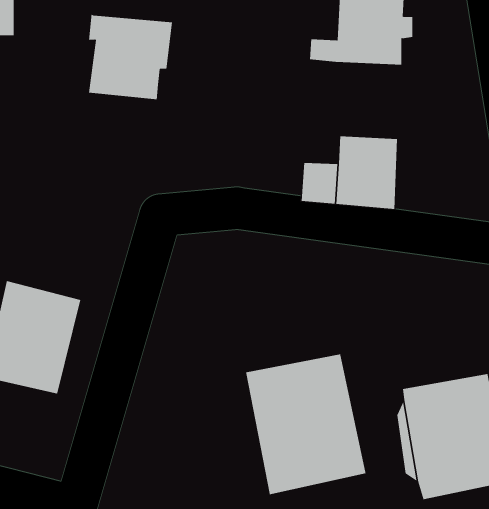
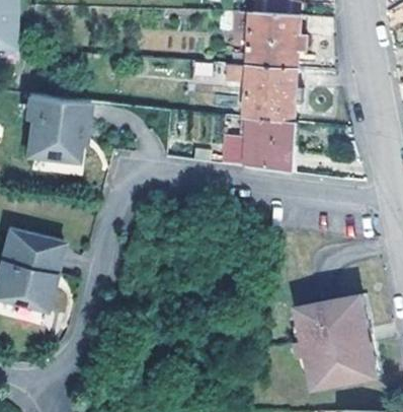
building: [88,14,173,100] -> [27,97,89,160]
building: none -> [223,65,305,123]
building: [246,354,366,495] -> none

